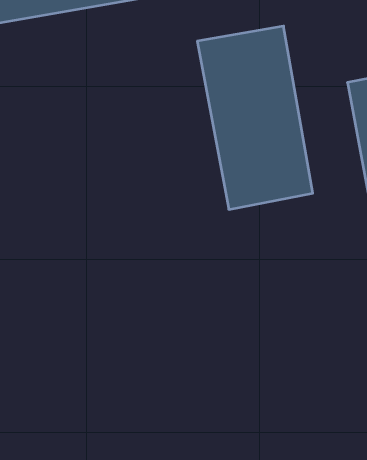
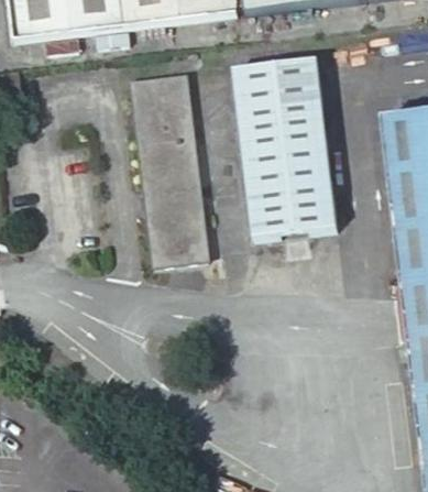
building: none -> [128,69,208,260]

